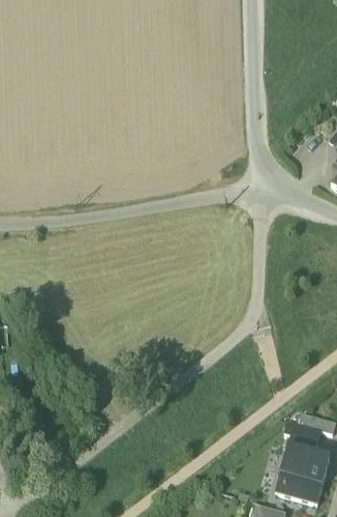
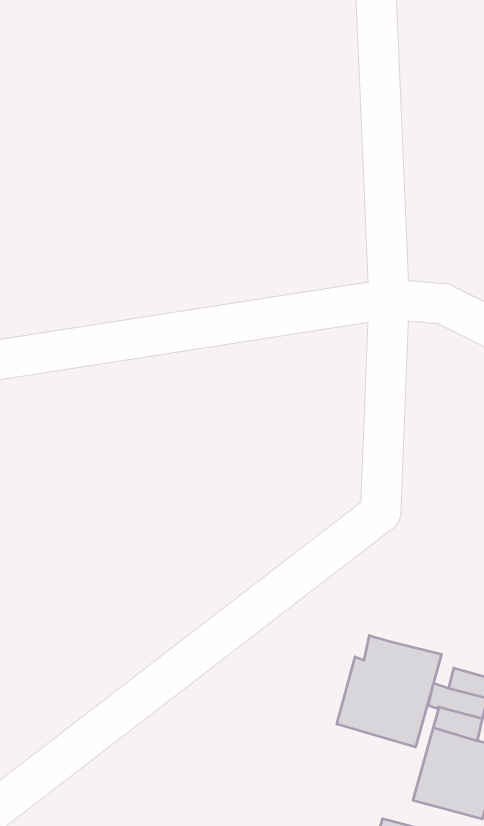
building: none -> [337,635,441,747]

